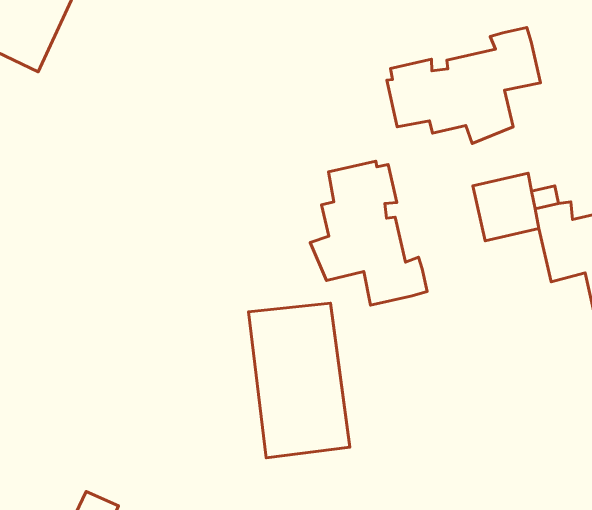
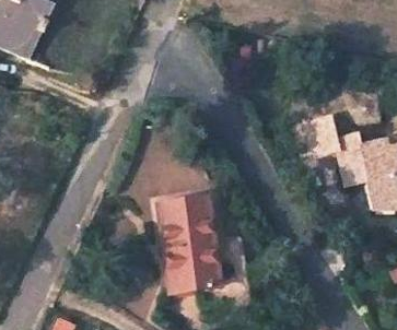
building: [387,27,540,144] -> none
building: [310,161,427,305] -> none

